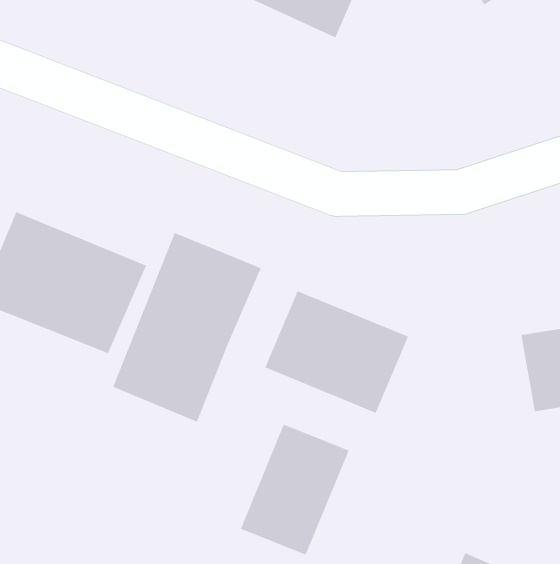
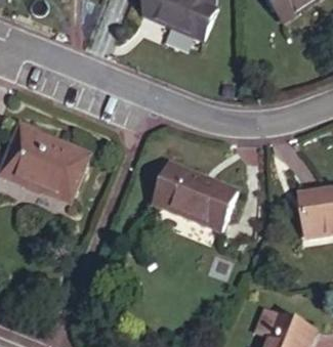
building: [112,232,261,423] -> none
building: [240,424,350,556] -> none

